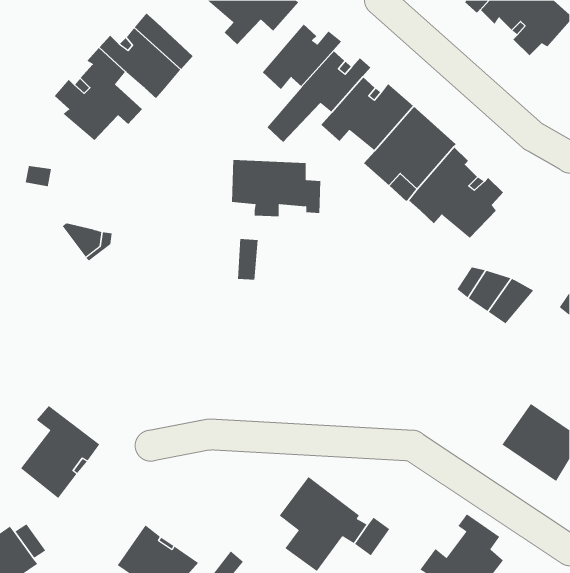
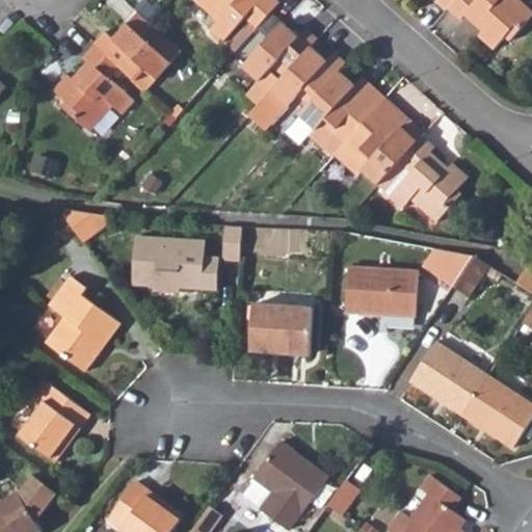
building: [231,159,321,217] -> [131,235,214,288]
building: none -> [346,263,420,323]
building: none -> [45,276,117,371]
building: none -> [250,303,311,351]
building: none -> [413,339,490,413]

